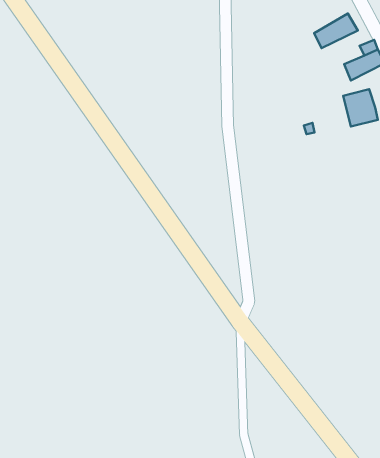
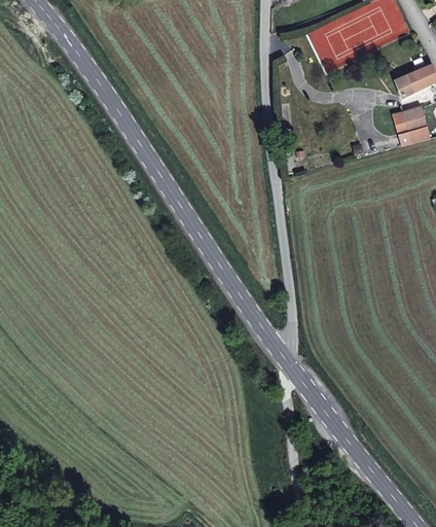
building: [314,14,358,48] -> none

